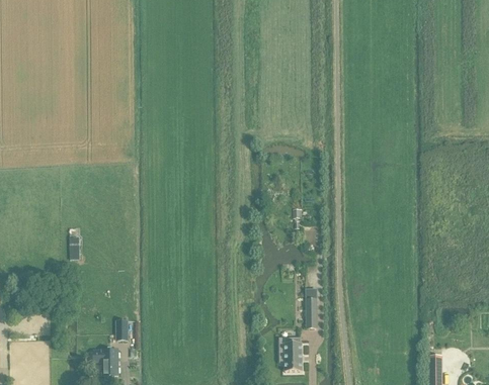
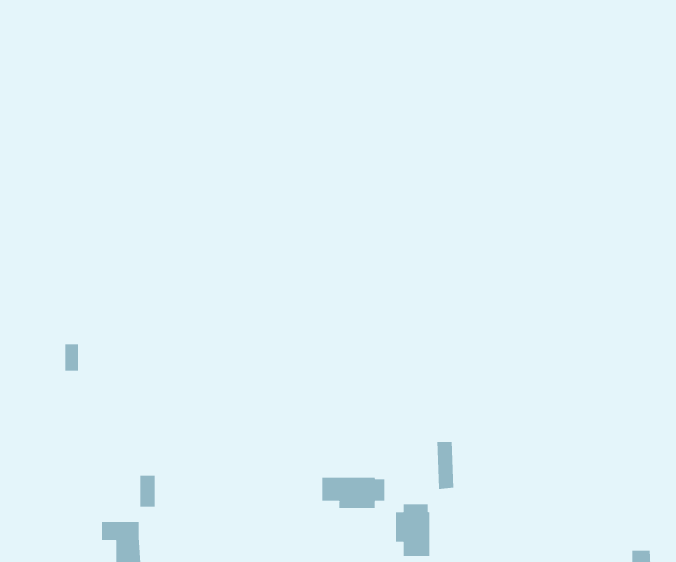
building: none -> [322,477,385,509]

